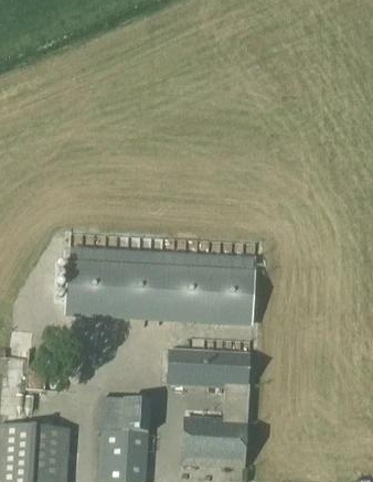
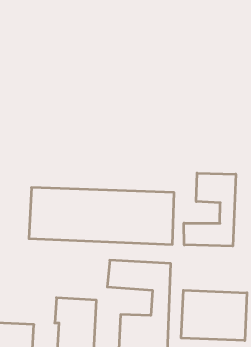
building: none -> [184,173,236,246]
building: none -> [181,290,247,341]

